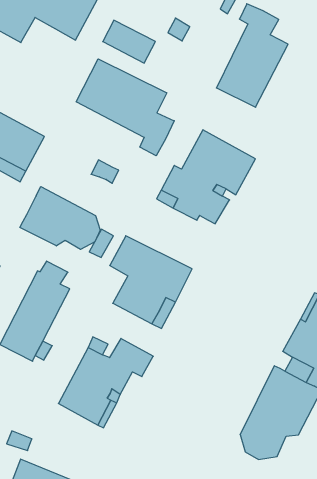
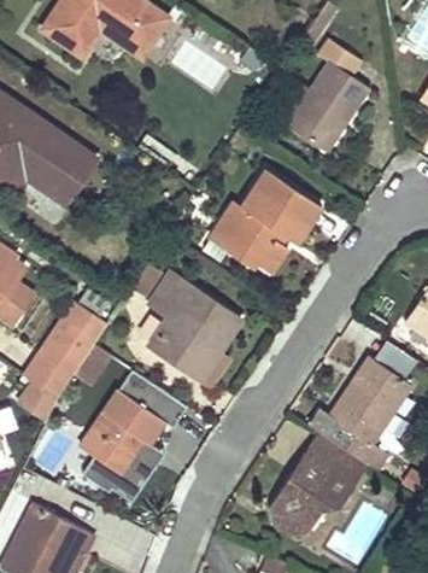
building: [76,59,174,156] -> none
building: [20,187,100,249] -> none

